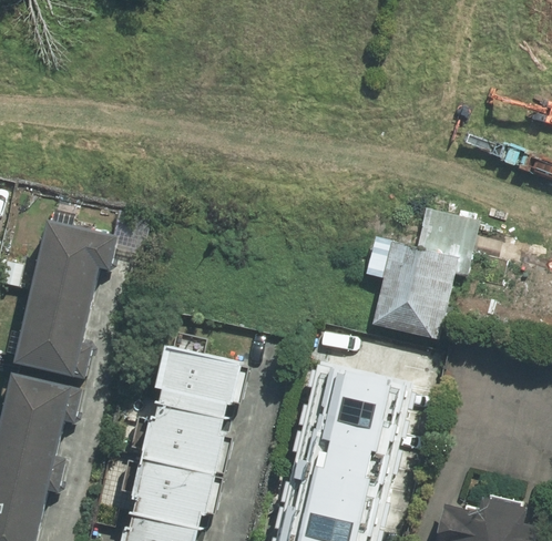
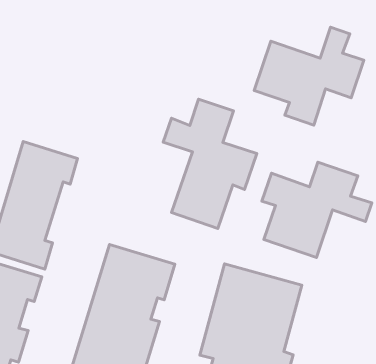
building: none -> [254,27,364,125]
building: none -> [163,99,257,228]

